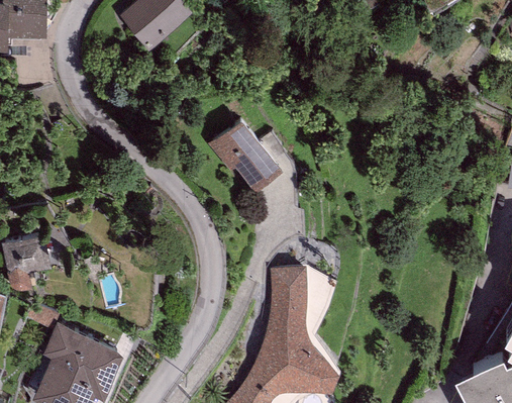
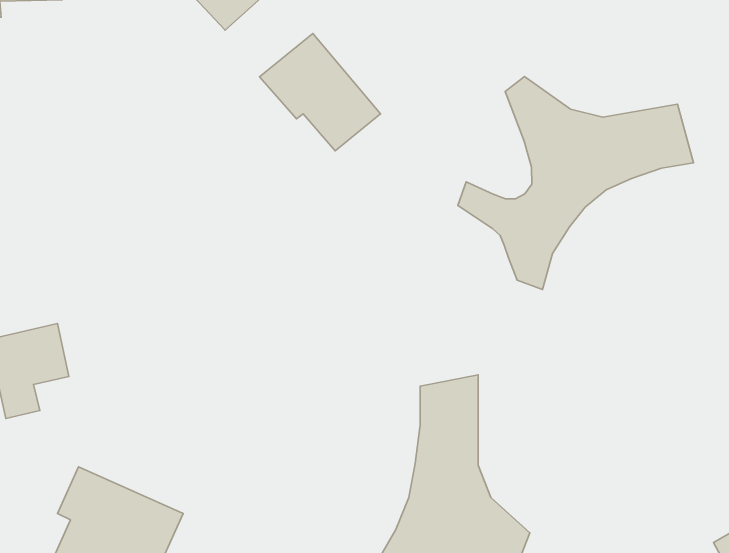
building: none -> [458,76,694,289]
building: [207,118,283,192] -> [259,33,380,151]

